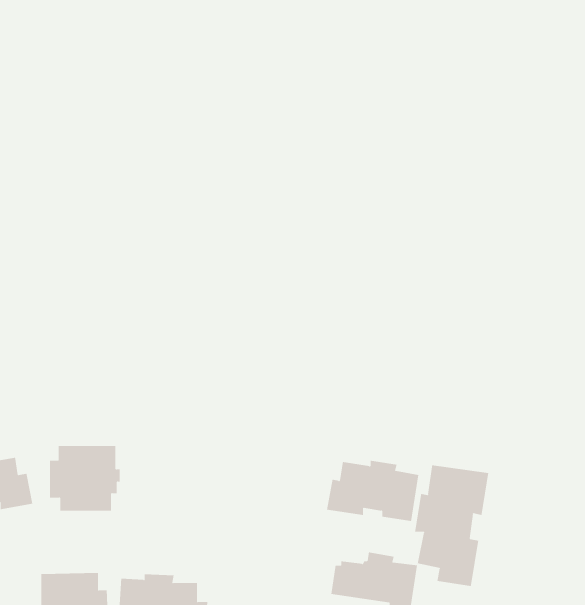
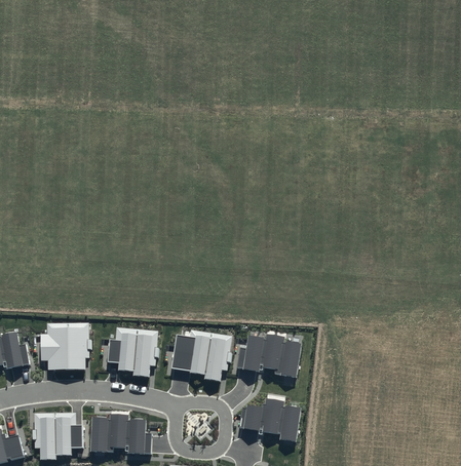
building: none -> [106,327,159,376]
building: none -> [171,329,232,382]
building: [415,465,489,587] -> none

